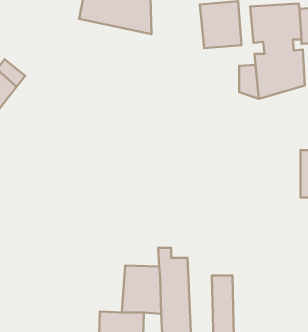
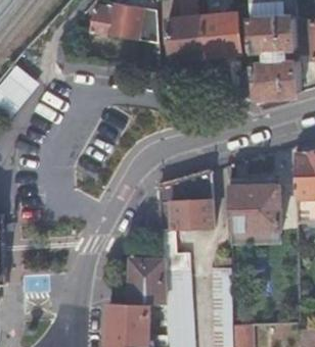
building: none -> [166,16,206,60]
building: none -> [160,169,214,228]
building: none -> [229,184,281,230]

